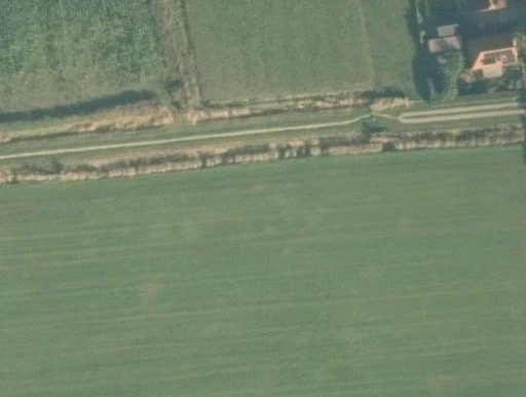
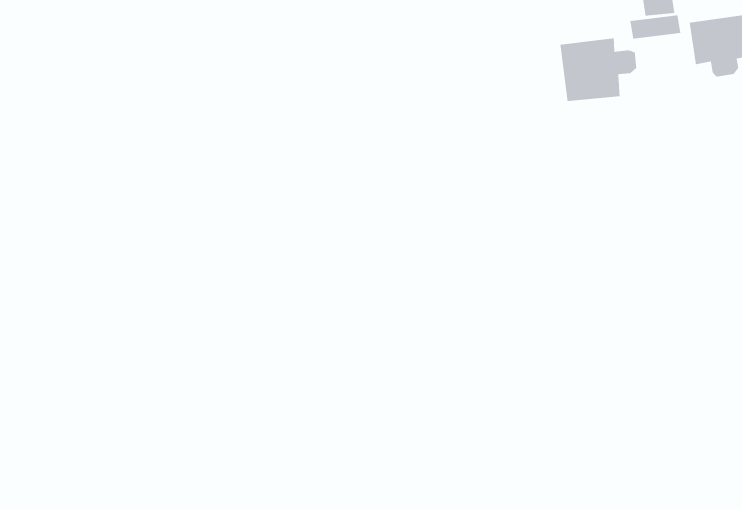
building: none -> [560,37,637,102]

